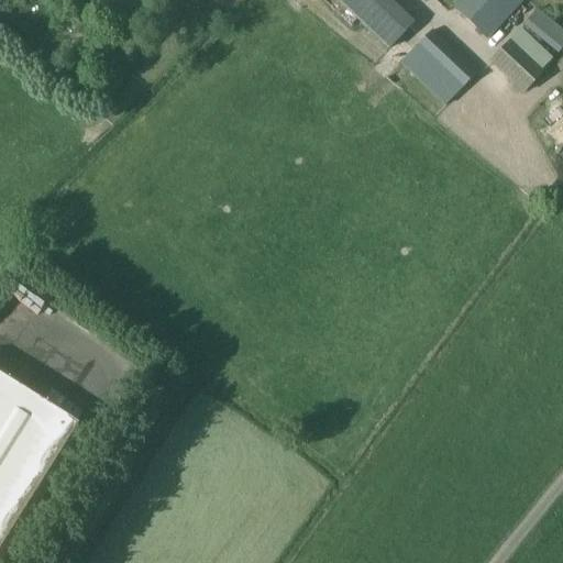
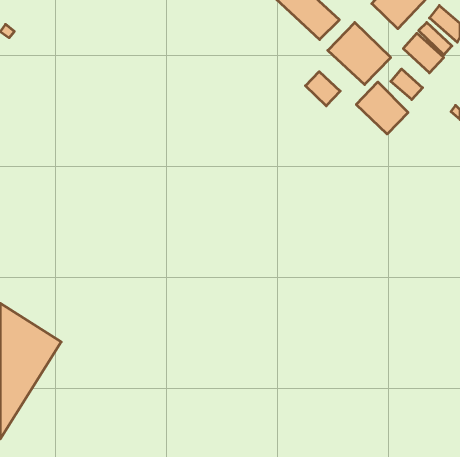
building: none -> [391,69,423,100]
building: none -> [305,72,340,106]
building: none -> [356,82,408,134]

